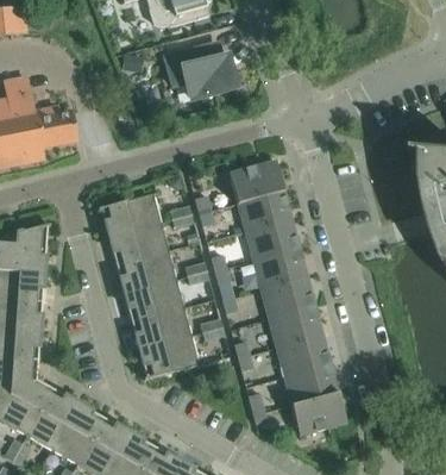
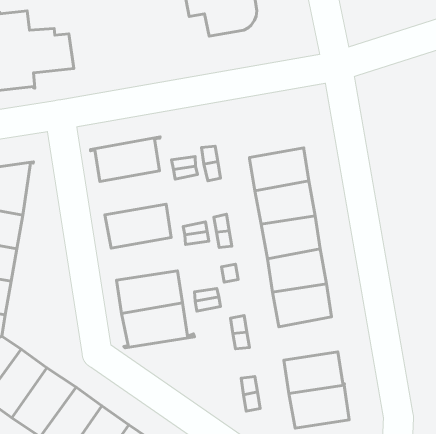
building: [228,161,283,202] -> none
building: [108,221,168,264] -> none
building: [124,279,183,320] -> none
building: [276,335,329,376] -> none

